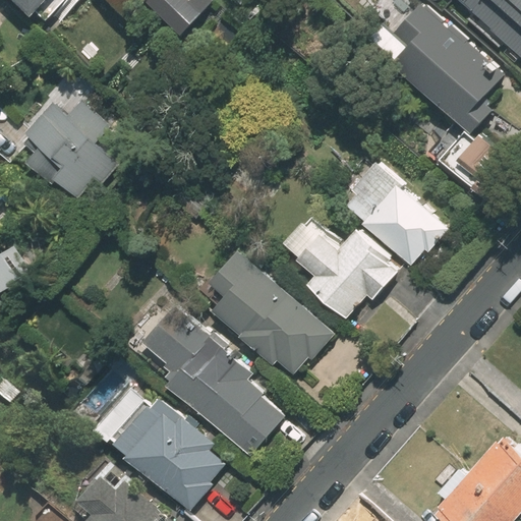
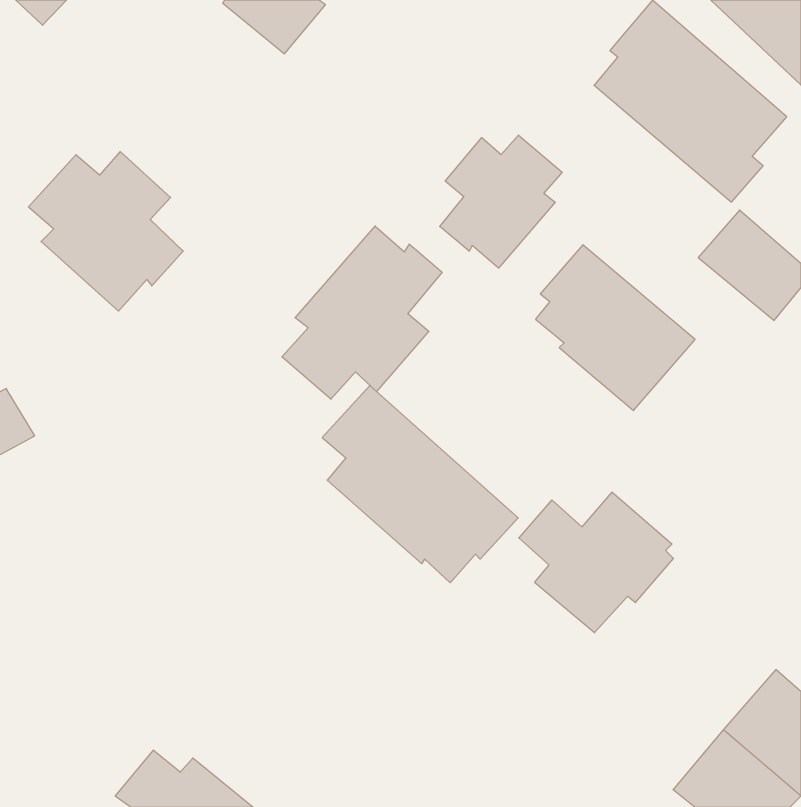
building: none -> [440,135,562,268]
building: none -> [282,226,442,399]
building: [296,228,396,319] -> [519,492,674,633]
building: [143,308,285,453] -> none
building: [112,397,229,510] -> none

